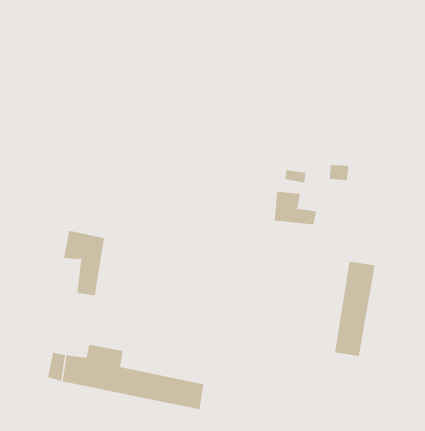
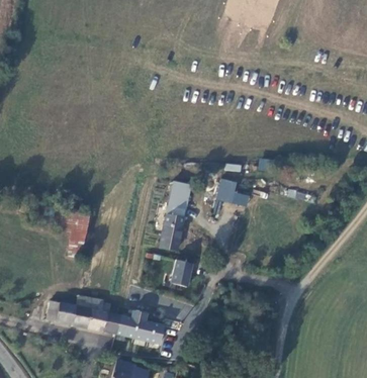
building: [334,261,376,356] -> [160,180,191,252]
building: none -> [171,260,193,286]

